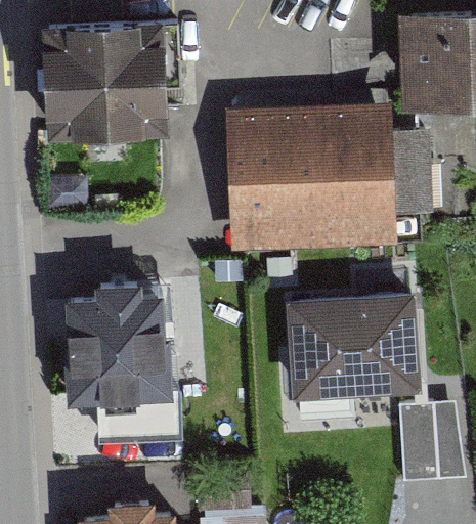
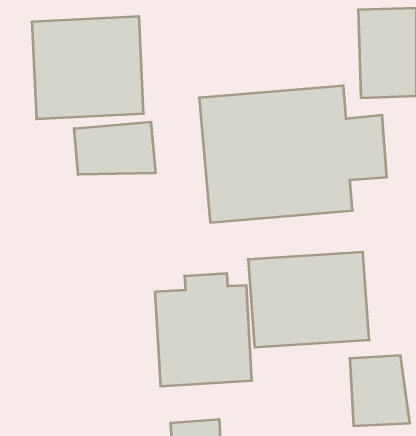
building: none -> [74,122,155,175]
building: [62,288,170,412] -> [155,273,252,386]

